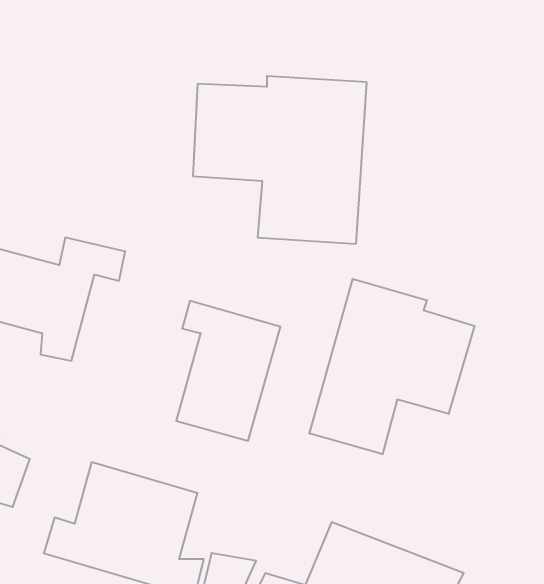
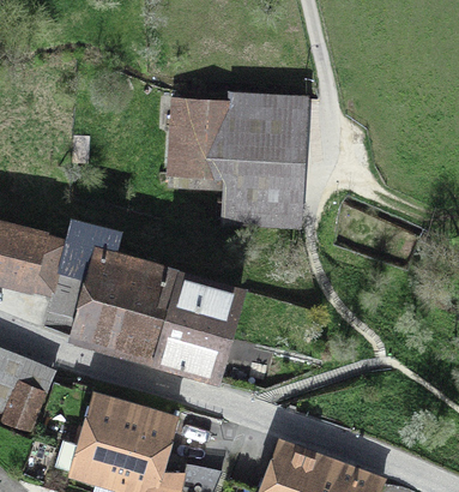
building: none -> [71,248,177,362]
building: [309,279,475,454] -> none

